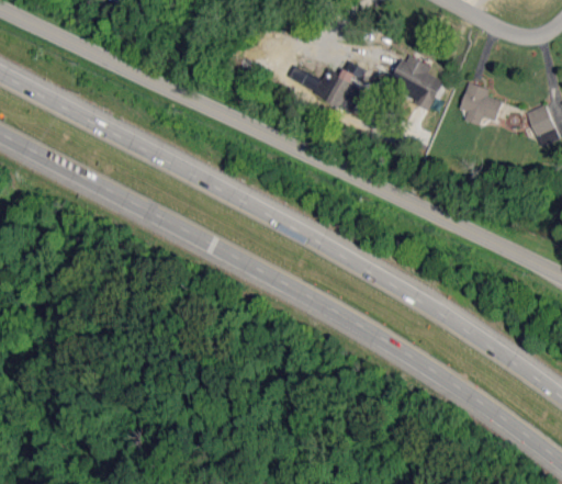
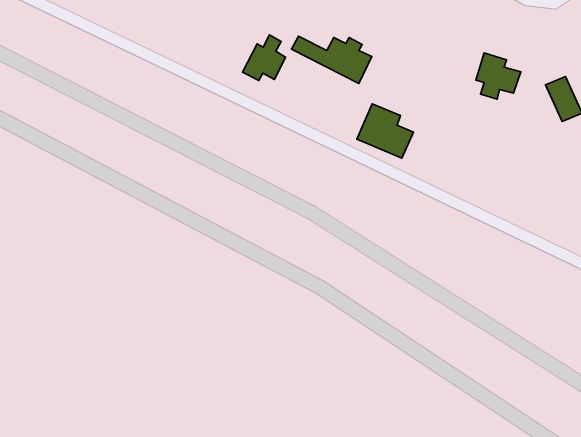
building: [390,54,442,104] -> [357,104,414,158]
building: none -> [243,35,286,81]

